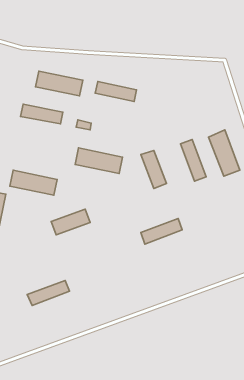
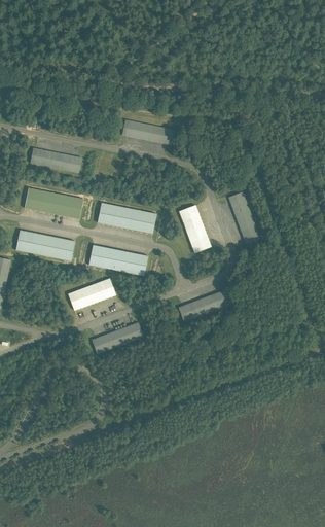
building: [35,71,83,96] -> [24,187,82,218]
building: [209,130,240,176] -> none
building: none -> [88,244,147,275]
building: [27,281,69,305] -> [91,322,143,353]

